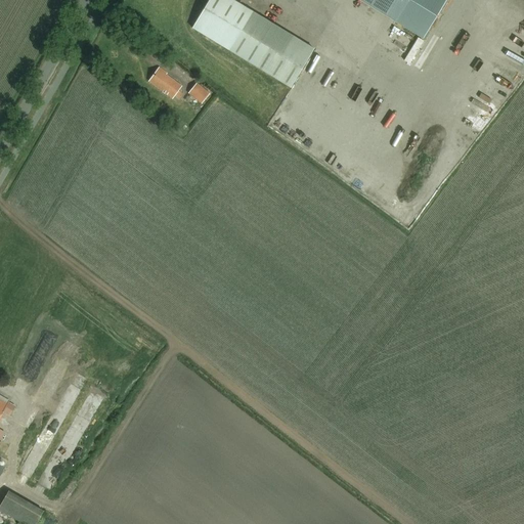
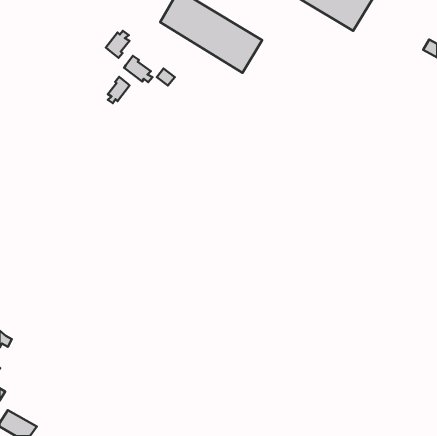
building: none -> [106,31,129,58]
building: none -> [108,77,130,103]

